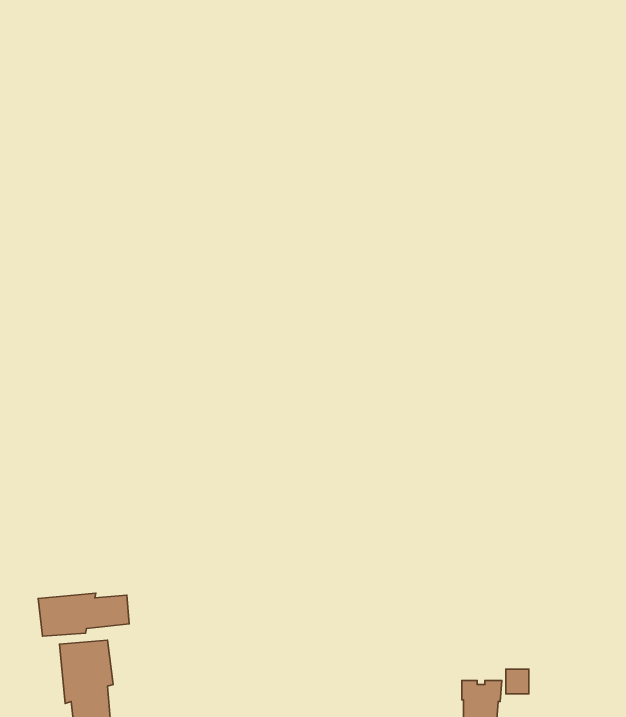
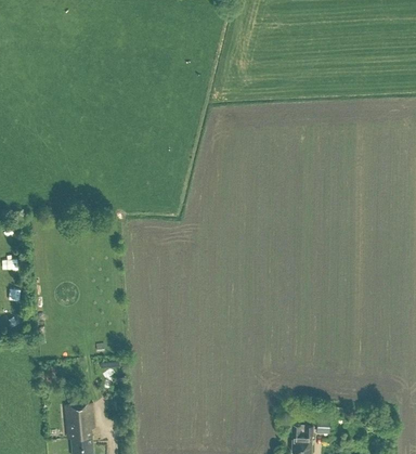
building: [38,593,129,636] -> none

